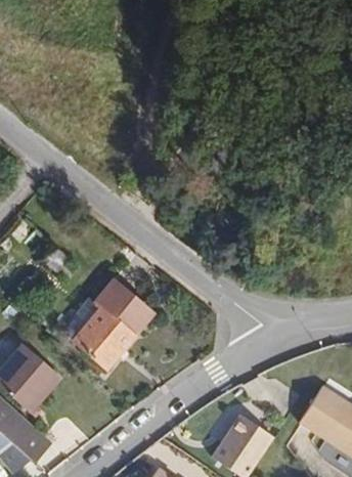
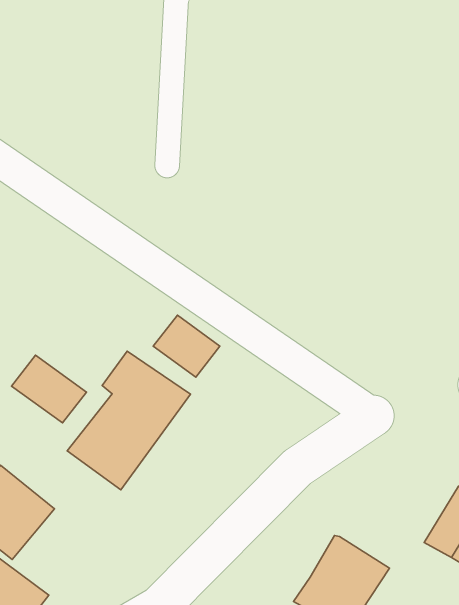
building: none -> [153,315,220,377]
building: none -> [12,355,87,423]

